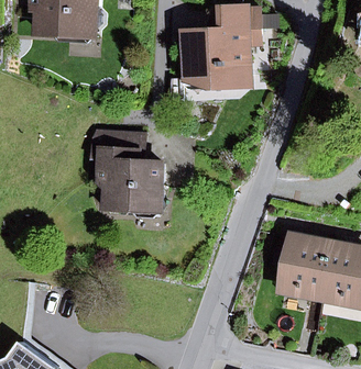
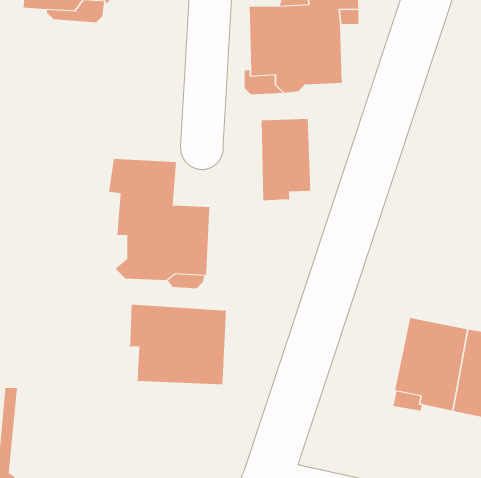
building: none -> [261,118,311,201]
building: none -> [129,304,226,385]

